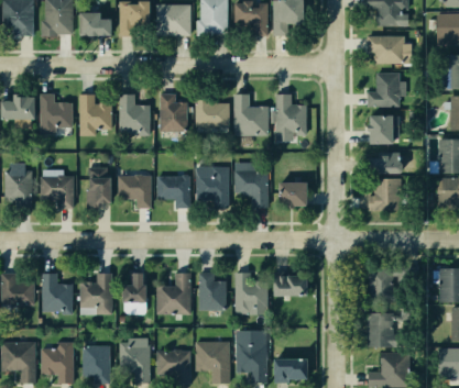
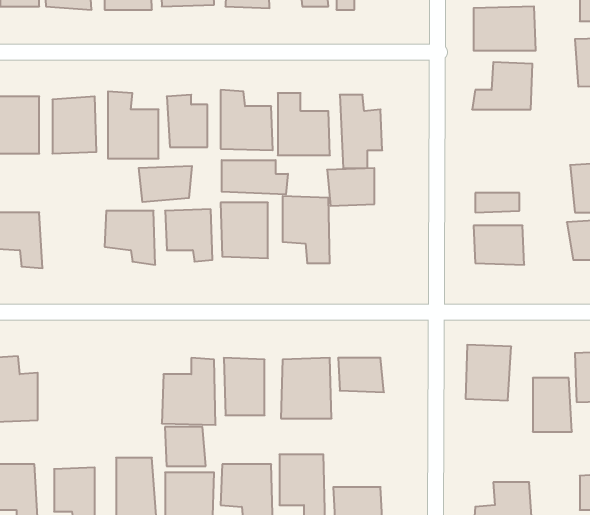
building: [364,113,401,144] -> none
building: none -> [222,160,288,194]
building: none -> [139,166,192,202]
building: [85,169,111,202] -> none
building: [274,182,306,208] -> [327,168,374,206]
building: [119,273,146,299] -> [165,427,206,466]
building: [79,276,112,315] -> none
building: [369,313,395,350] -> [533,378,572,432]

